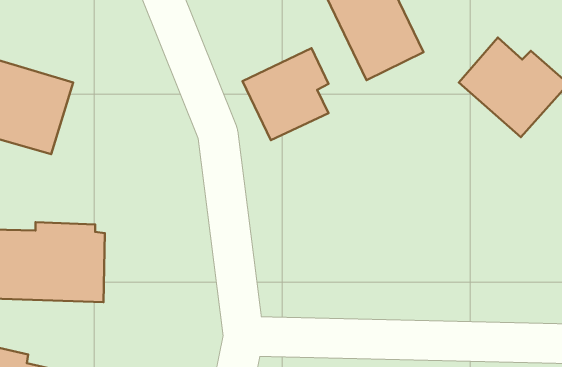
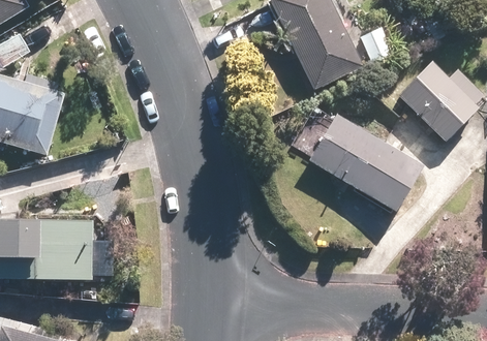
building: [243,48,328,140] -> none
building: none -> [305,111,424,212]

